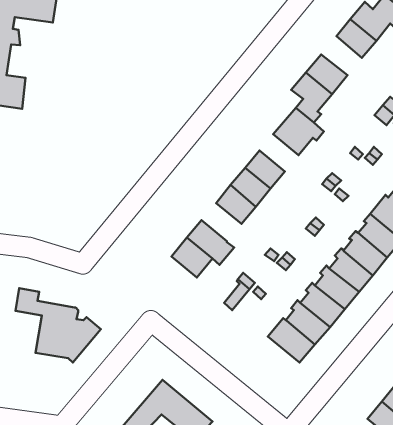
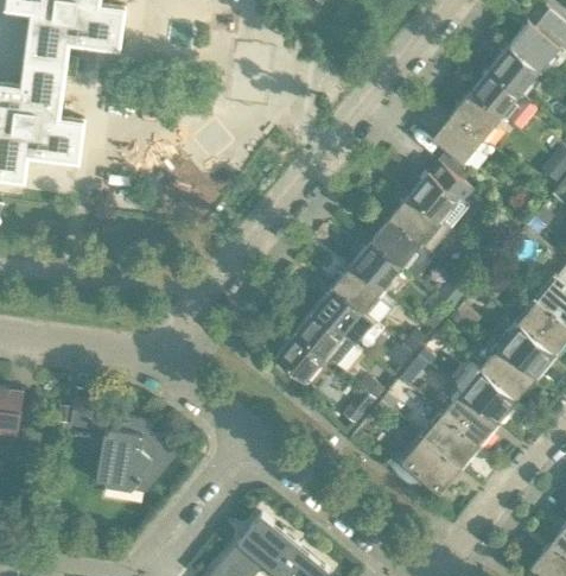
building: none -> [470,67,523,118]
building: none -> [389,195,440,243]
building: none -> [313,285,365,335]

